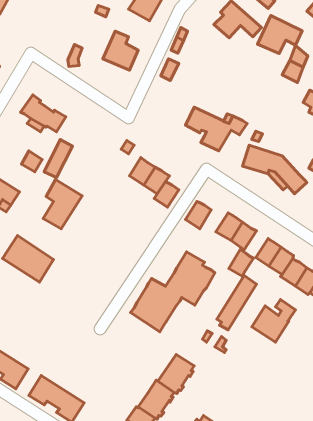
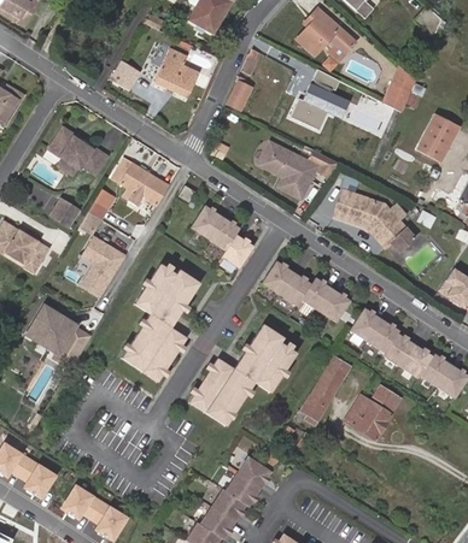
building: [257,16,302,54] -> [292,77,349,125]
building: none -> [112,158,168,203]
building: none -> [122,266,199,384]
building: [229,250,253,276] -> [279,272,310,306]

